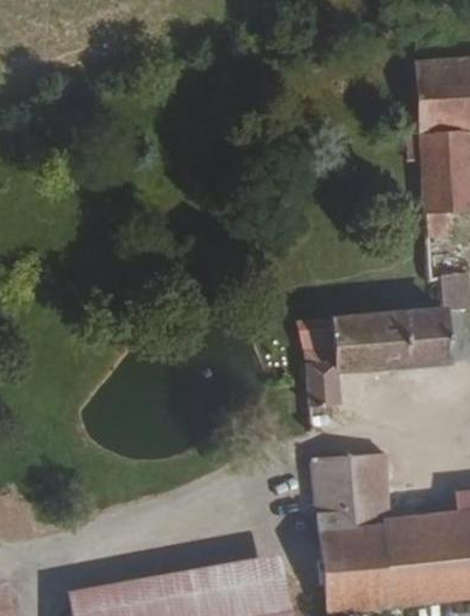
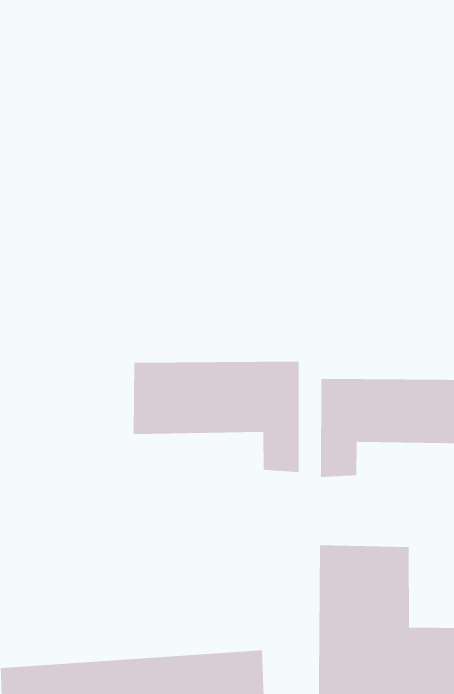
building: none -> [133,361,299,473]

